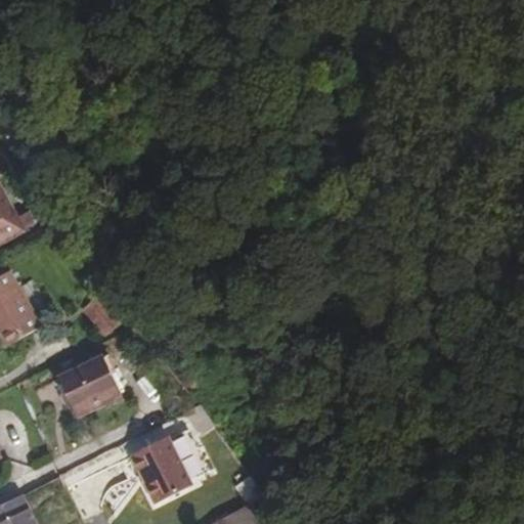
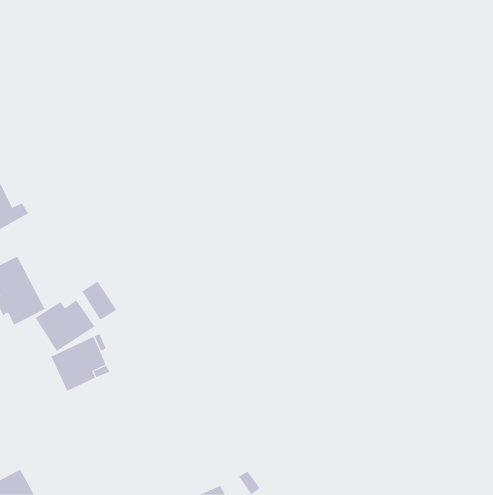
building: none -> [35,299,95,352]
building: [129,435,191,501] -> none

